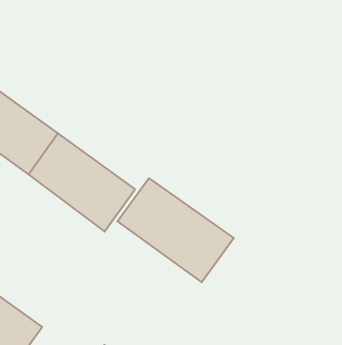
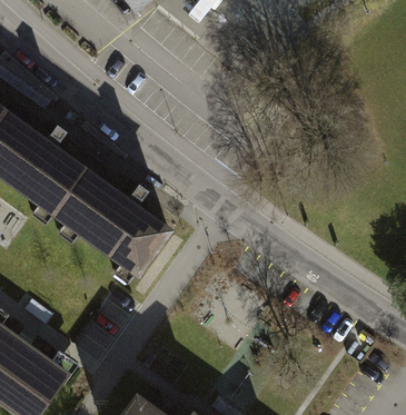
building: [117,178,234,282] -> none

